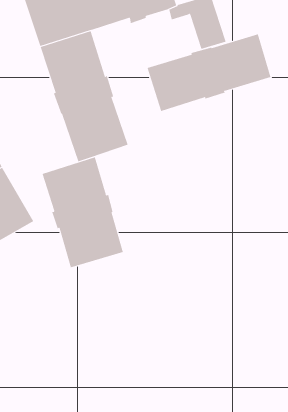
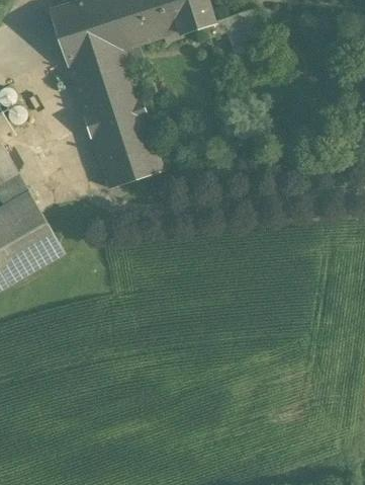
building: [147,34,271,112] -> none
building: [42,157,124,268] -> none

